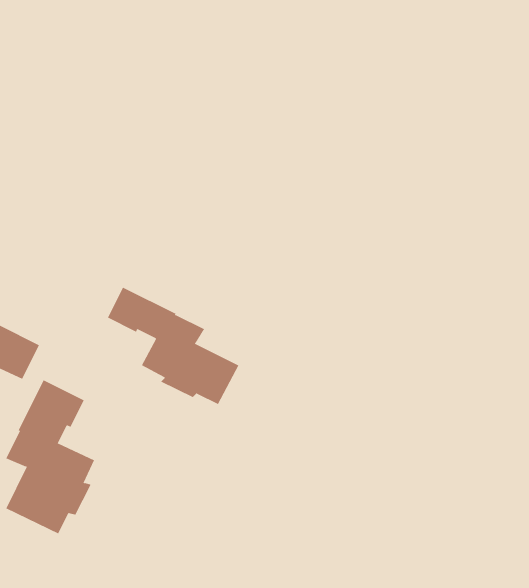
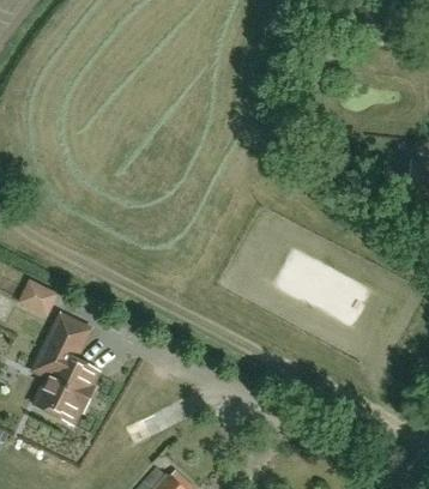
building: [107,287,239,405] -> none

